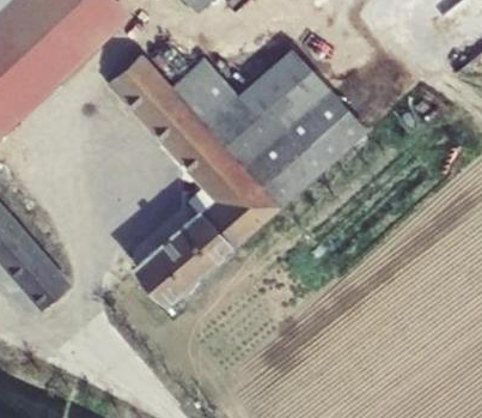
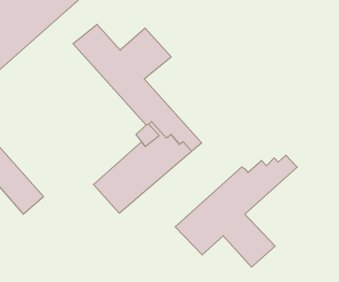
building: [203,54,361,210] -> none
building: none -> [175,155,297,267]

